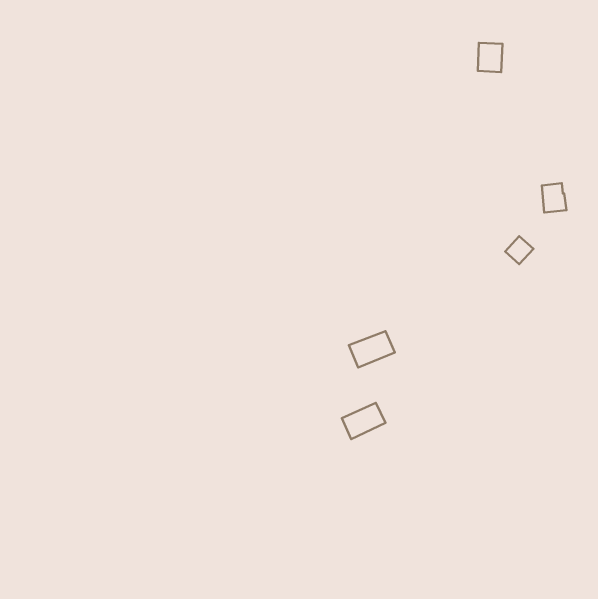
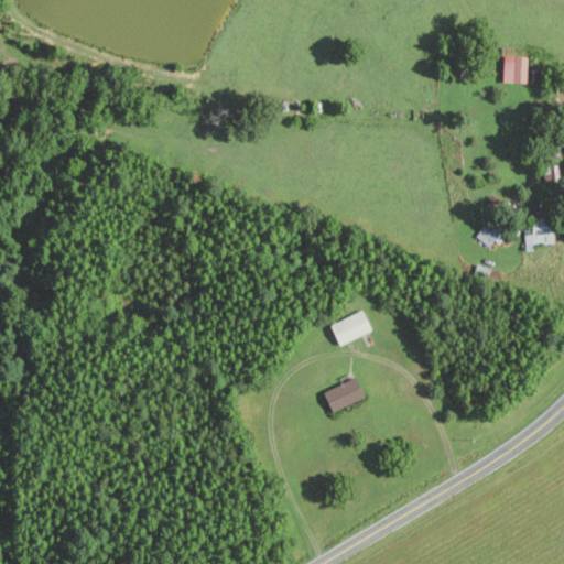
building: [478,43,502,72] -> [503,56,527,84]
building: [542,183,567,212] -> [531,218,554,246]

